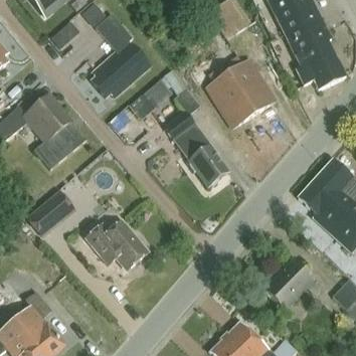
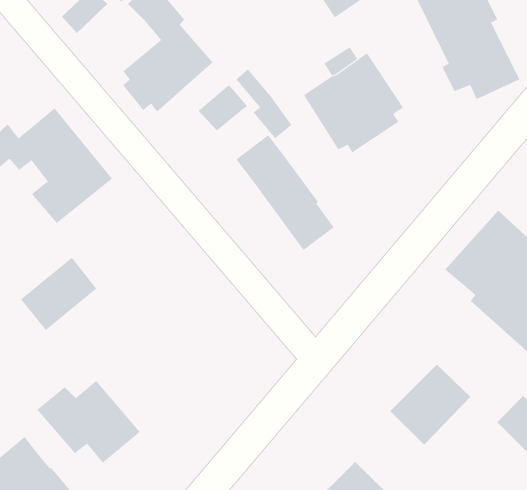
building: [82,219,149,273] -> [37,380,140,463]

